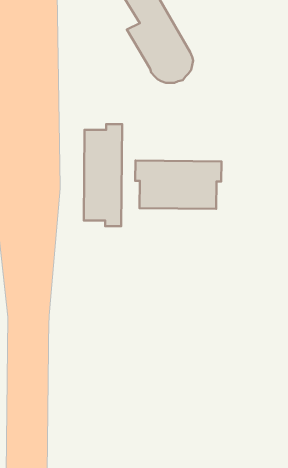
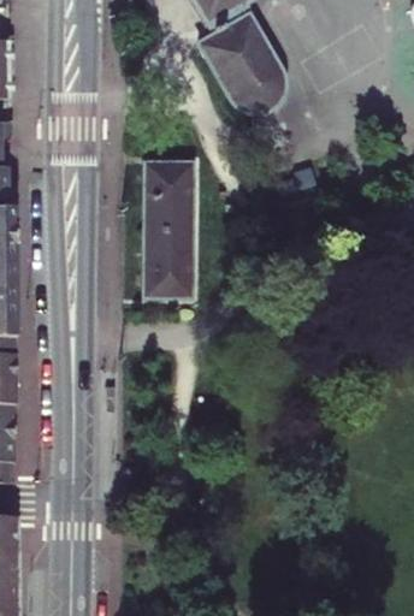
building: [135,161,222,209] -> none

